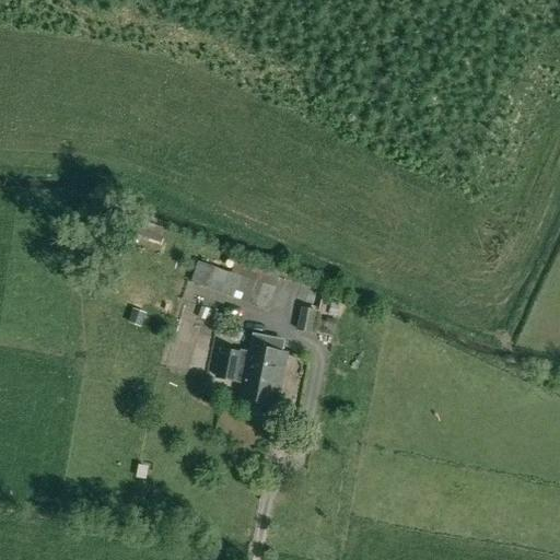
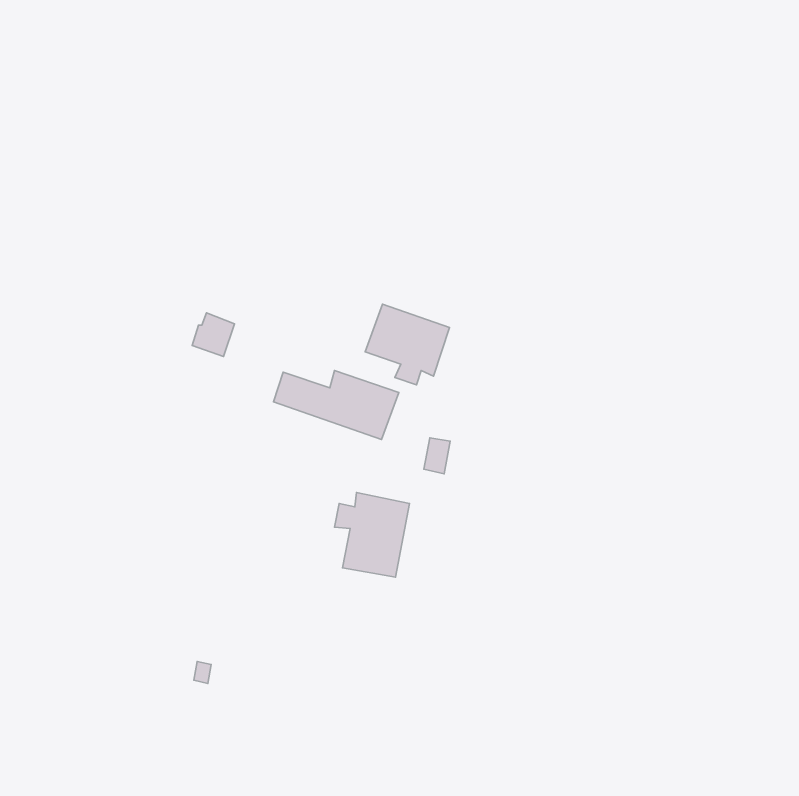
building: none -> [365,304,450,385]

